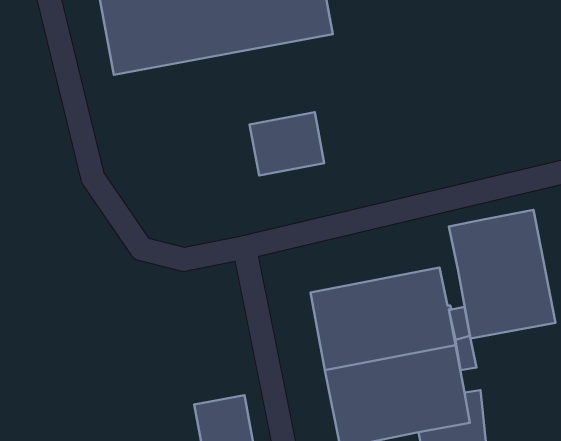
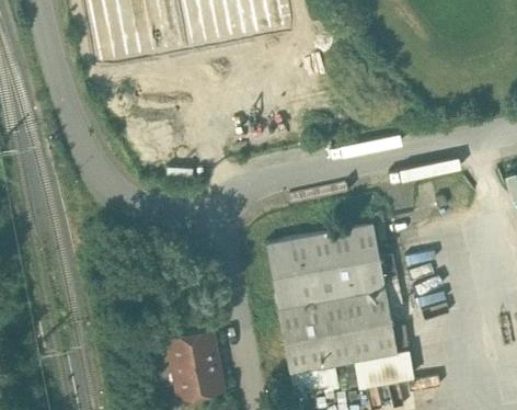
building: [250,112,324,175] -> none
building: [449,210,556,339] -> none

